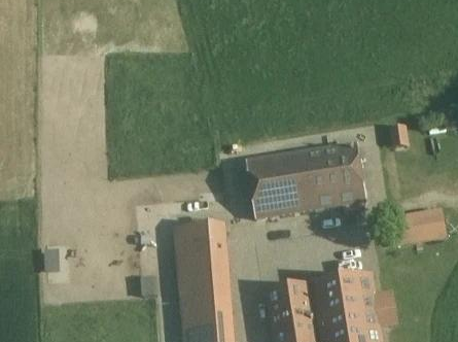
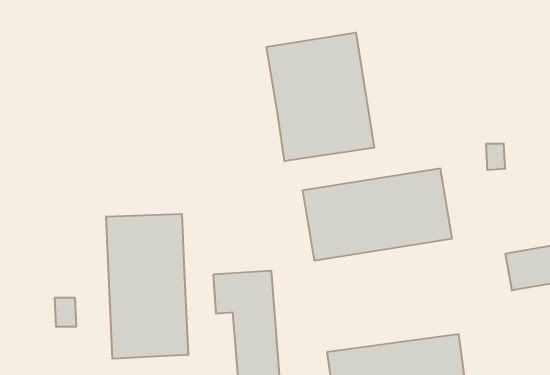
building: none -> [267,32,374,161]
building: none -> [106,214,188,359]

